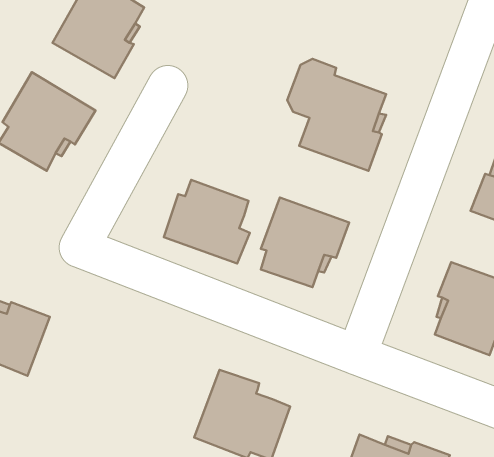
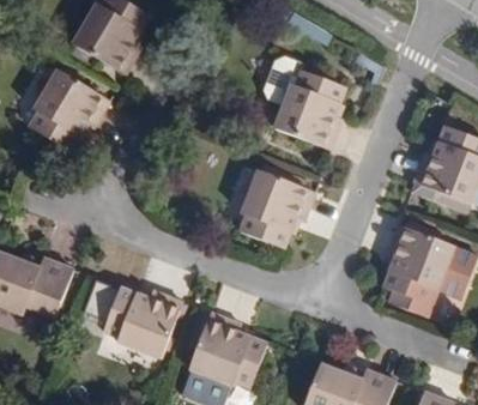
building: [164,180,250,264] -> none
building: none -> [104,288,181,357]

